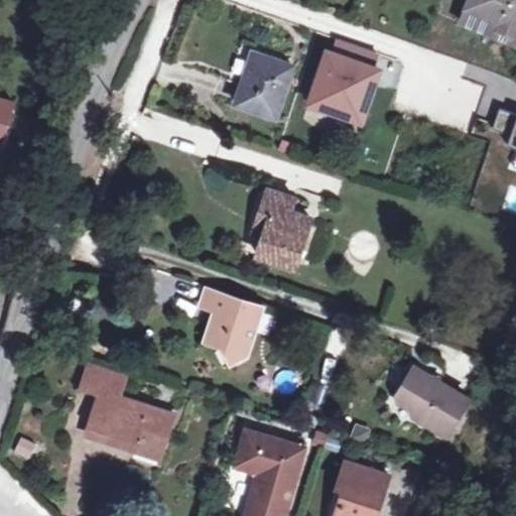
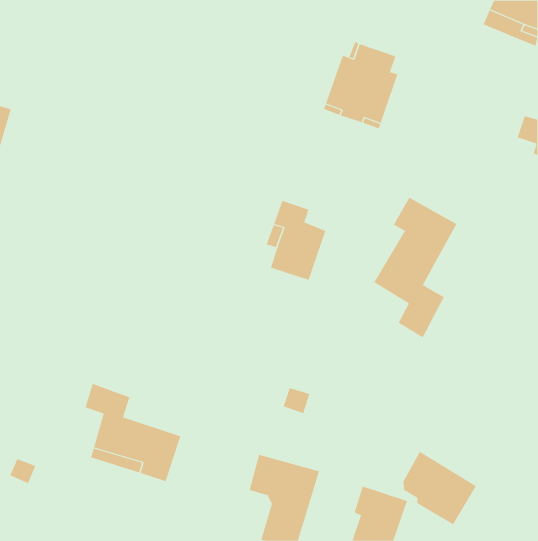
building: [235,52,292,118] -> none
building: none -> [374,197,457,338]
building: [196,288,261,363] -> none
building: [399,368,470,438] -> [403,451,477,525]

